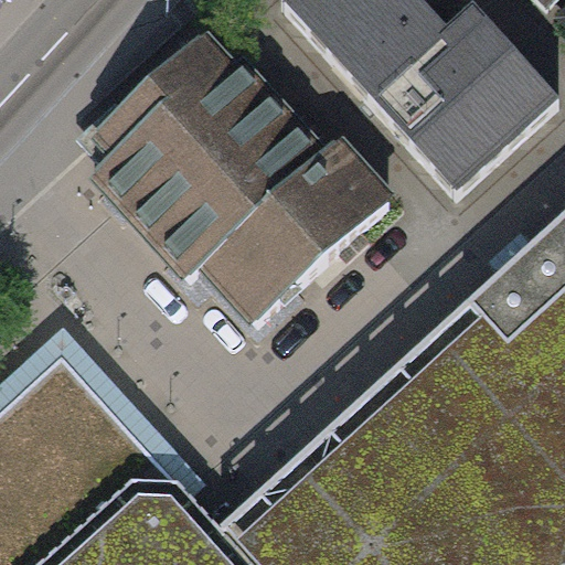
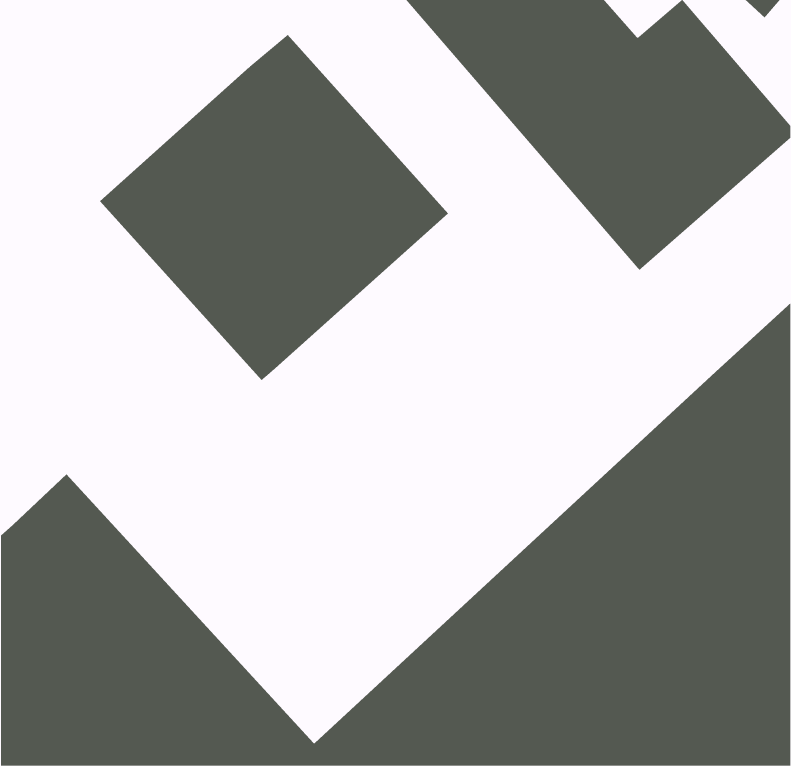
building: [194,136,396,329] -> none

